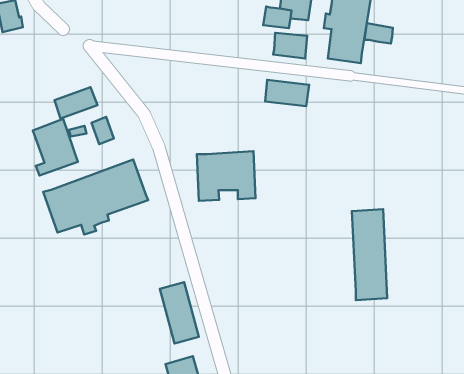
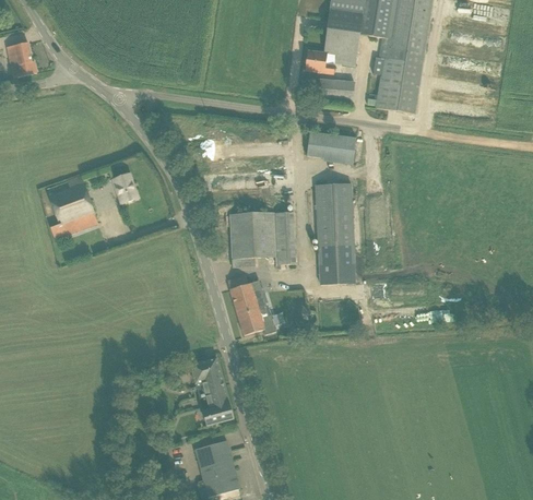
building: [365,23,393,44] -> none
building: [54,87,97,118] -> none
building: [43,160,148,234] -> none
building: none -> [227,275,276,334]
building: [352,209,387,300] -> [316,182,355,284]

